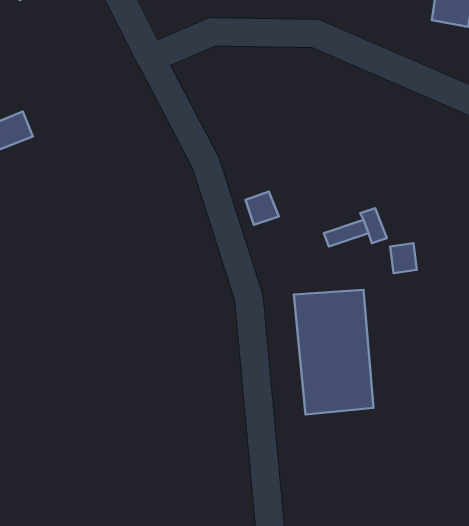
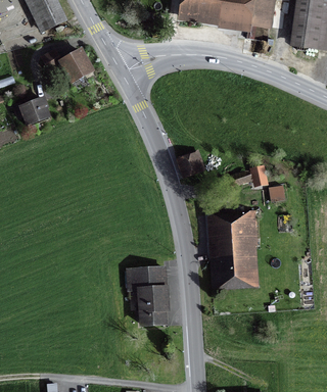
building: none -> [42,53,91,84]
building: none -> [129,267,166,317]

